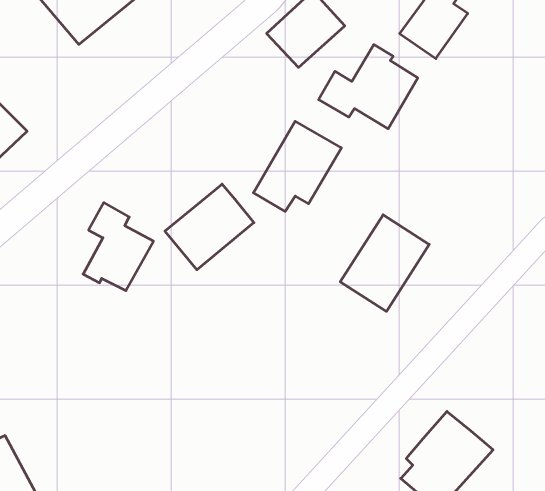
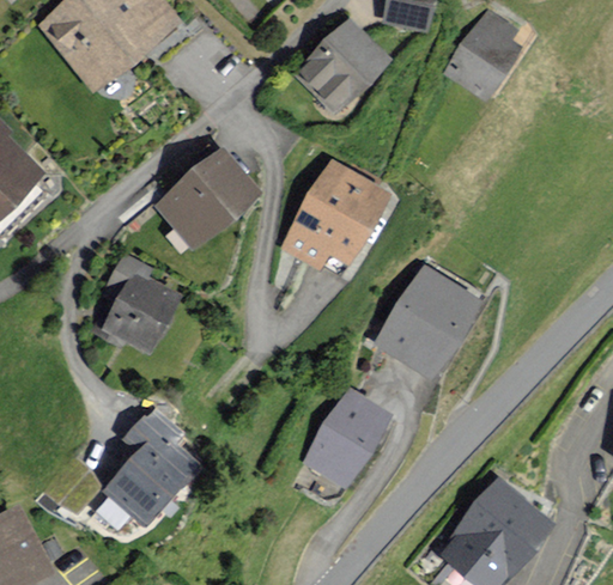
building: [319,45,418,129] -> none
building: [165,184,254,270] -> [159,153,256,246]
building: none -> [311,392,388,480]
building: none -> [108,413,194,523]

